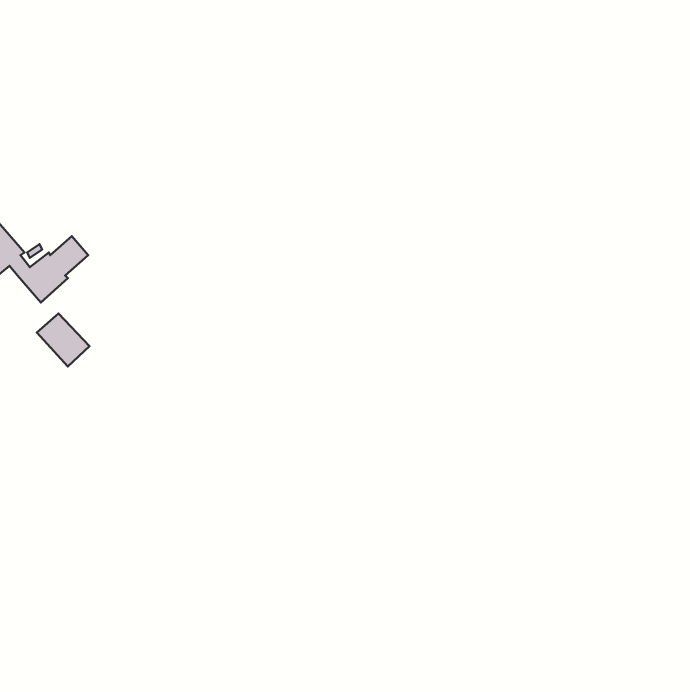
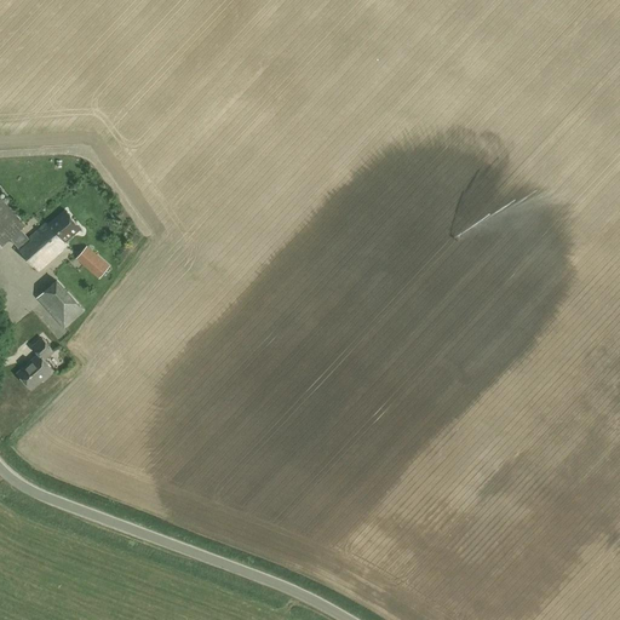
building: none -> [73,246,108,279]
building: none -> [15,338,51,388]

